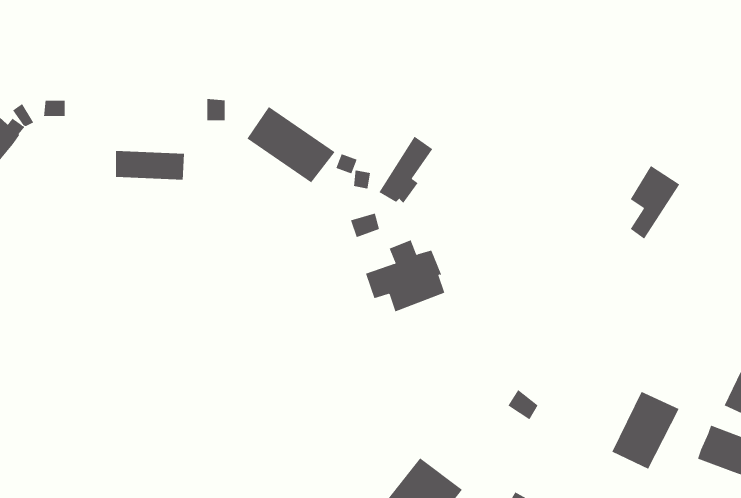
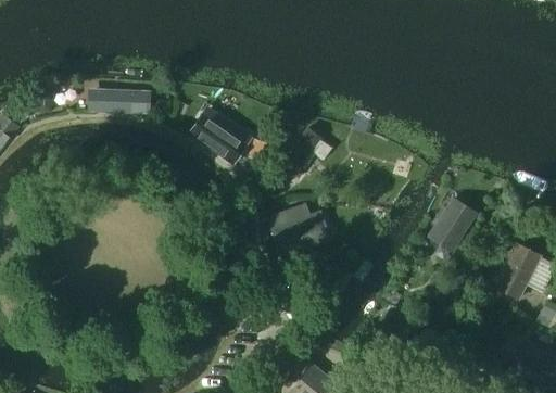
building: [115,150,185,180] -> [96,91,147,113]
building: [630,165,680,239] -> [440,200,477,254]
building: [611,391,680,470] -> [491,242,541,300]

